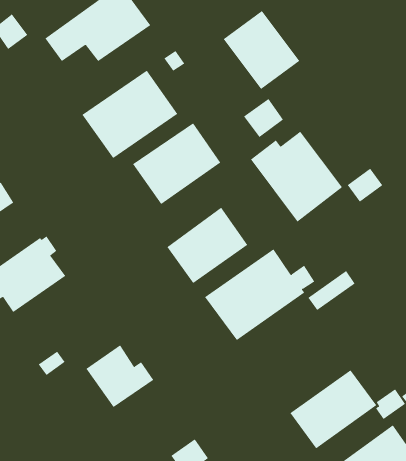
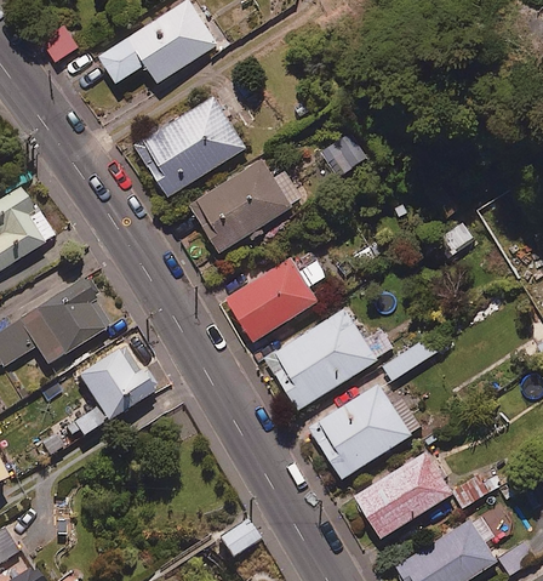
building: [223,10,300,90] -> none
building: [250,131,343,222] -> none
building: none -> [304,380,419,480]
building: [86,345,154,408] -> [75,349,153,421]

